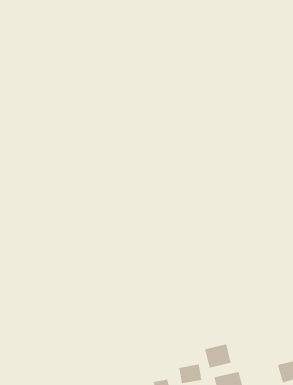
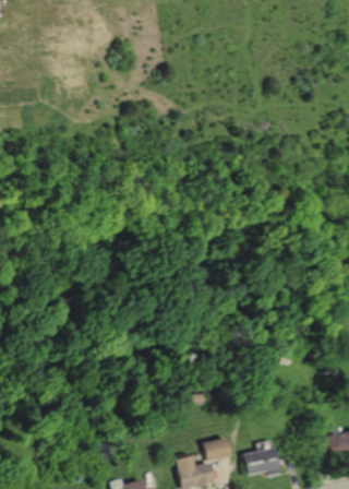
building: [204,344,231,368] -> none

